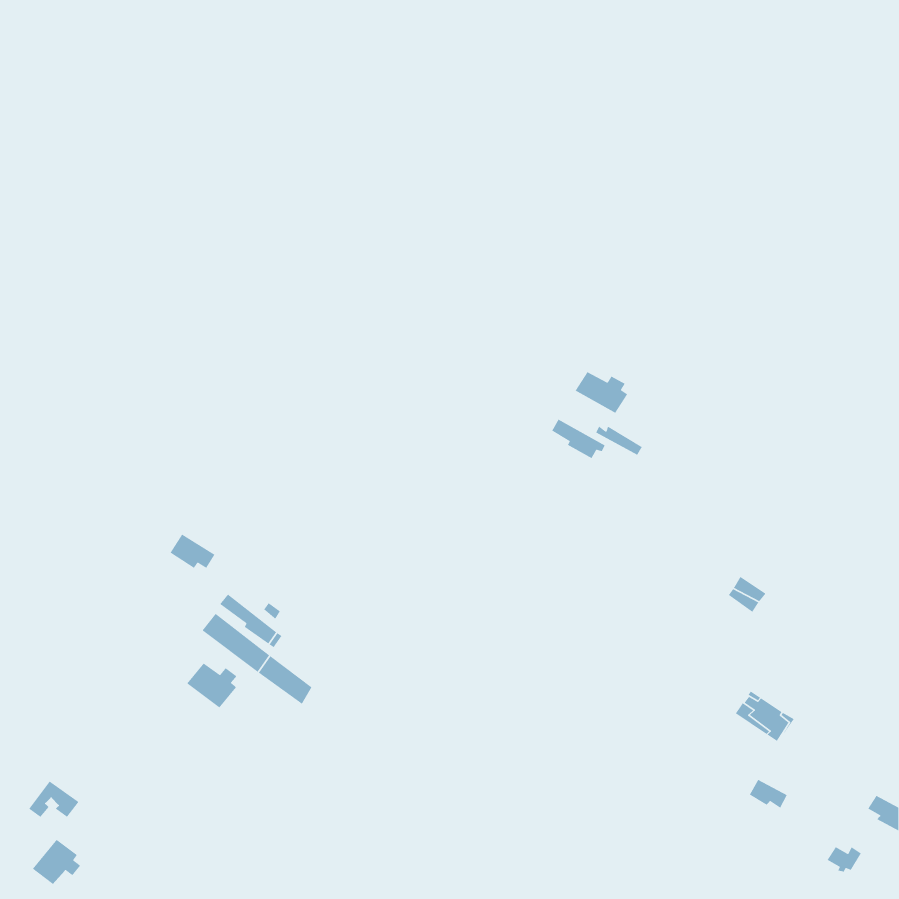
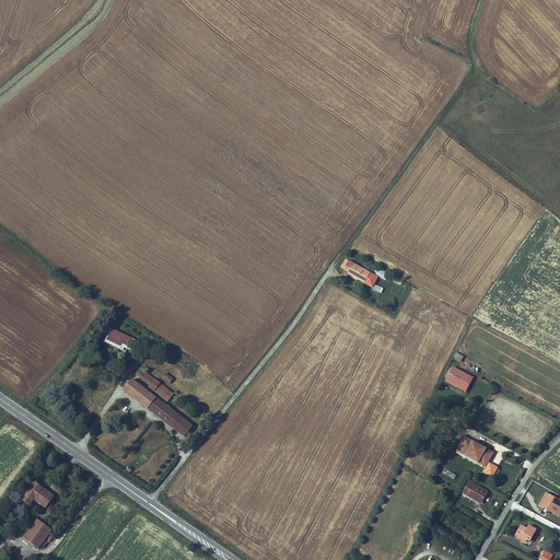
building: [574,371,628,414] -> none
building: [186,663,237,708] -> none

